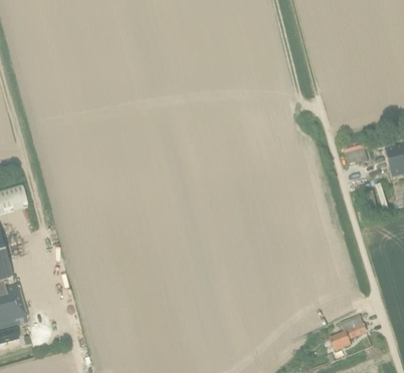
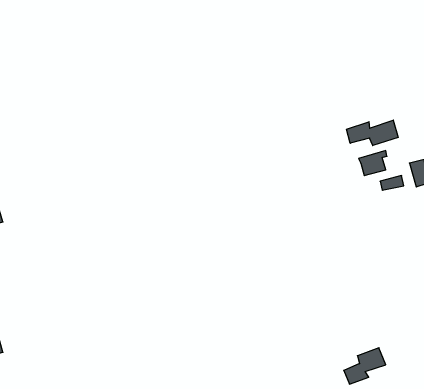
building: none -> [346,120,398,146]

